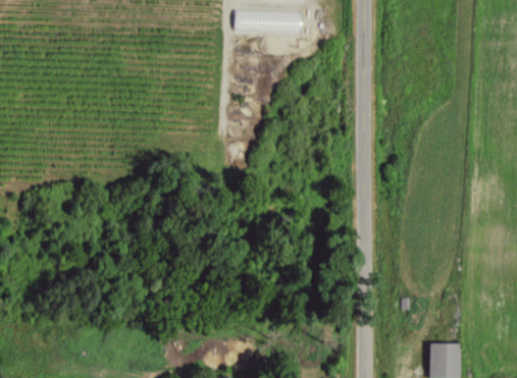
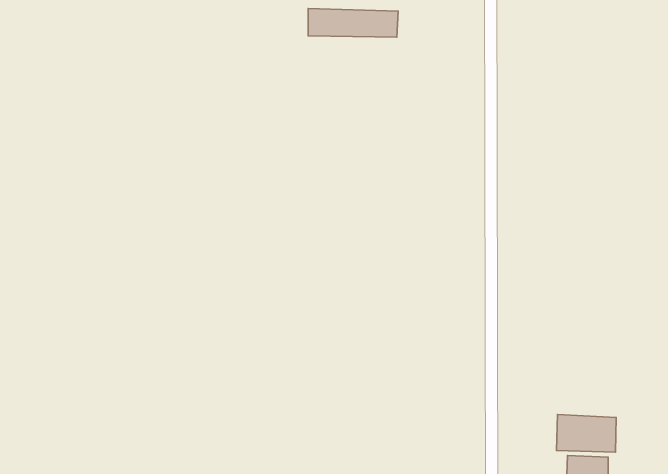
building: none -> [557,415,616,452]

